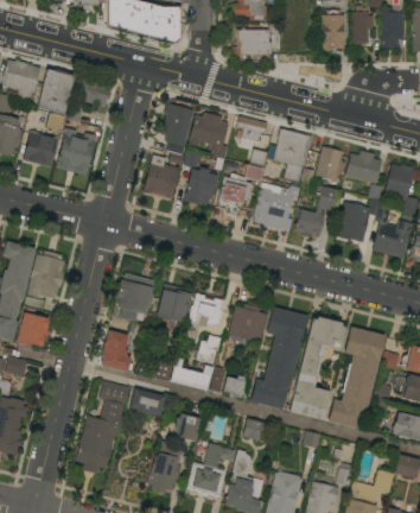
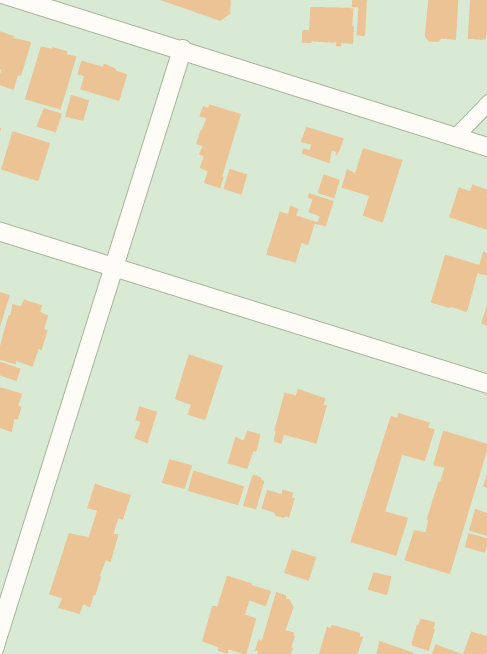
building: [187,112,228,158] -> none
building: [56,127,96,175] -> none
building: [314,146,342,182] -> none
building: [144,154,180,197] -> none
building: [184,169,221,207] -> none
building: [254,182,299,230] -> none
building: [295,185,346,236] -> none
building: [112,273,158,321] -> none
building: [187,293,223,327] -> none
building: [250,306,307,408] -> none
building: [101,330,133,370] -> none
building: [129,388,165,416] -> none
building: [174,412,202,441] -> none
building: [147,439,183,493] -> none

